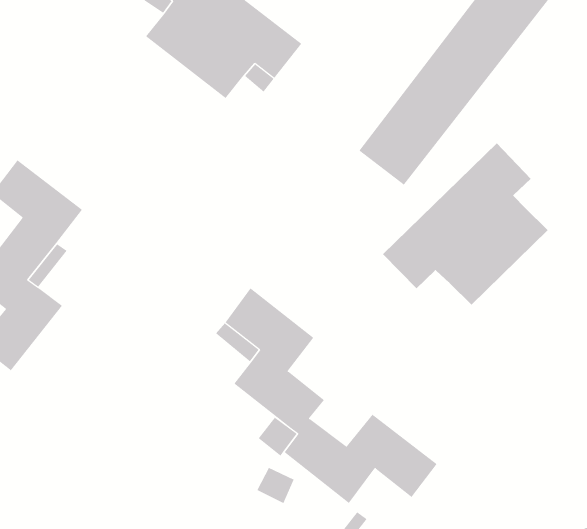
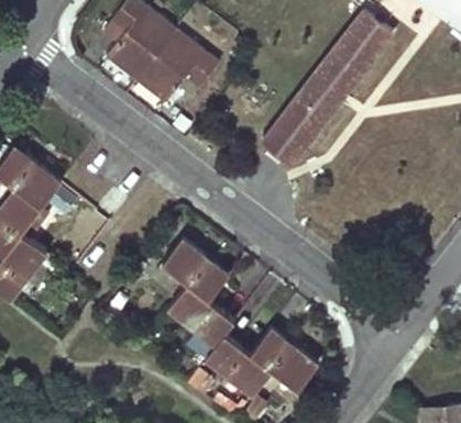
building: [382,142,548,305] -> none

